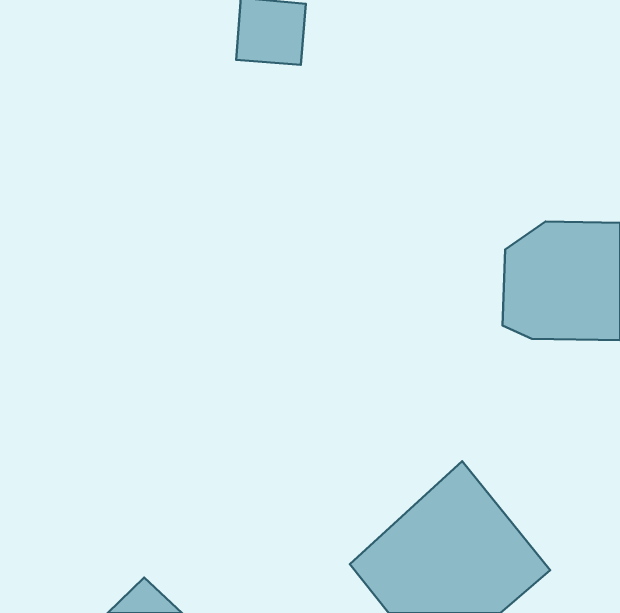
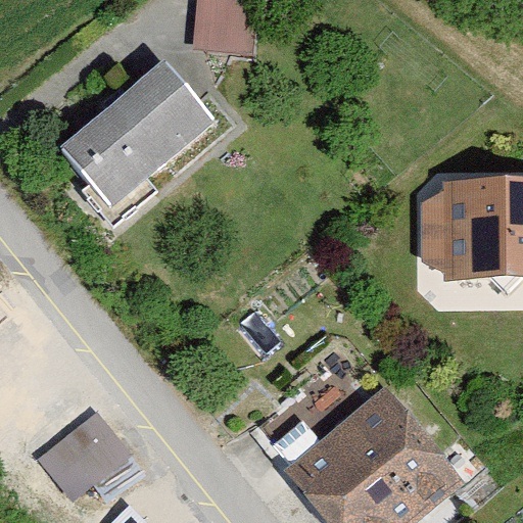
building: none -> [57,64,217,204]
building: none -> [34,398,136,495]

